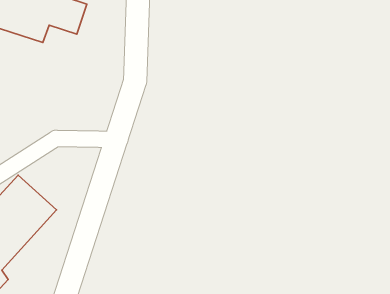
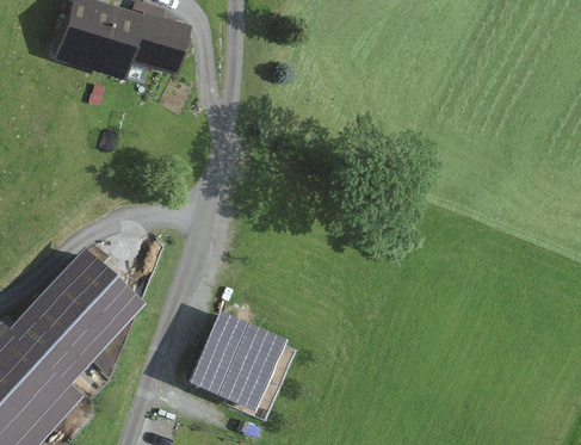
building: none -> [196,313,277,398]

